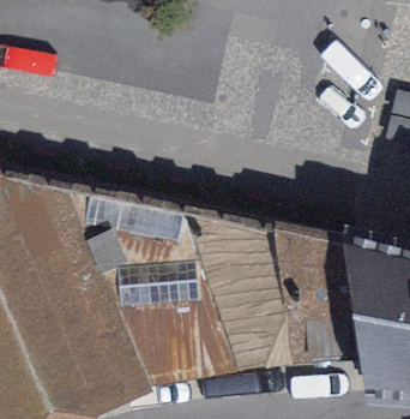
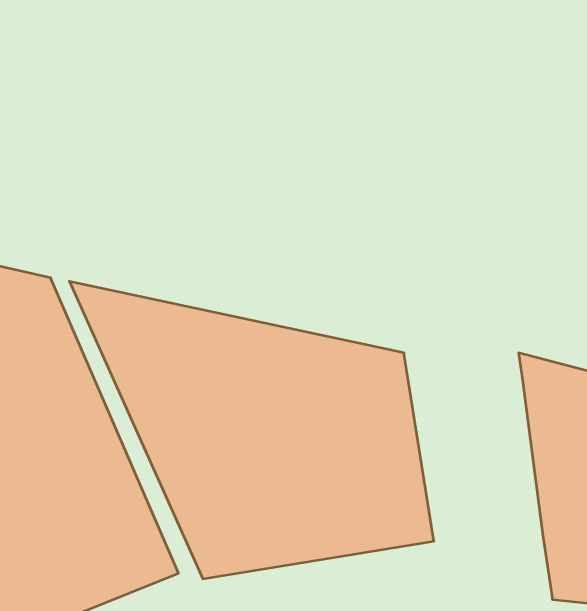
building: [276,237,364,357] -> none

